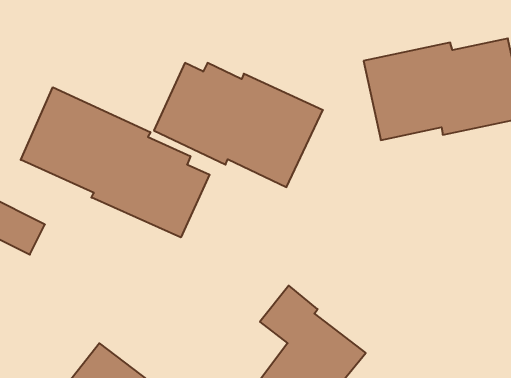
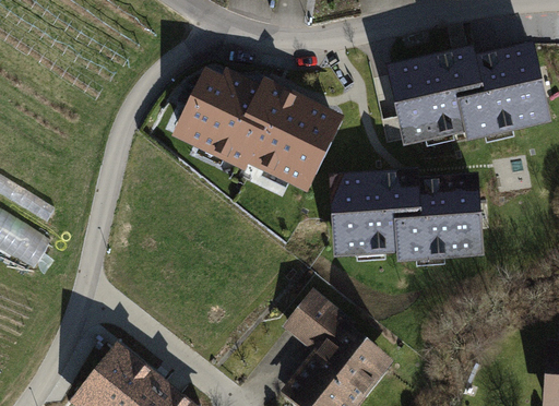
building: [21,87,210,237] -> none
building: none -> [330,167,486,261]

